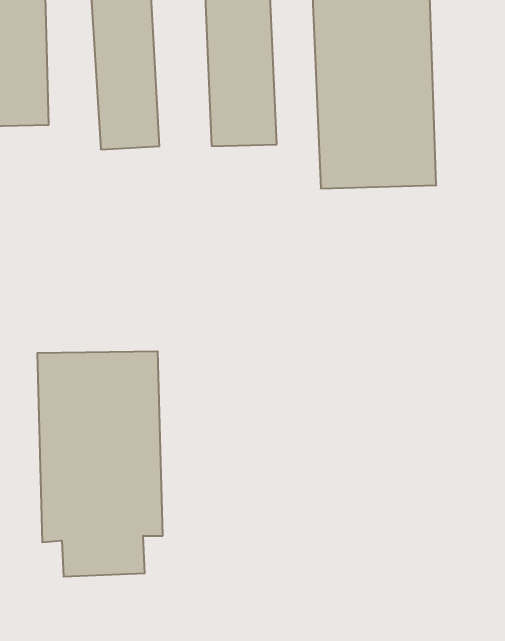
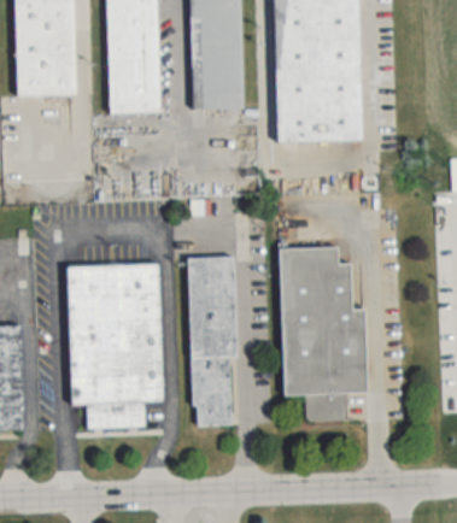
building: none -> [280,247,370,421]
building: none -> [188,257,235,425]

